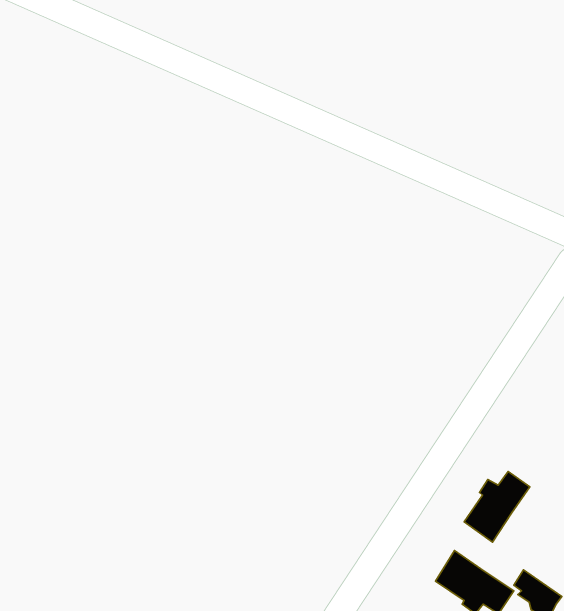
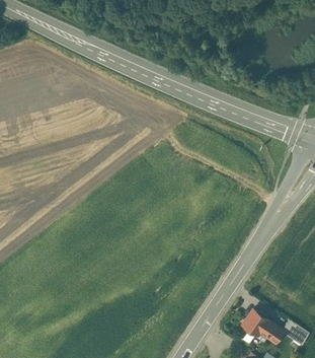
building: [464,472,530,542] -> none

